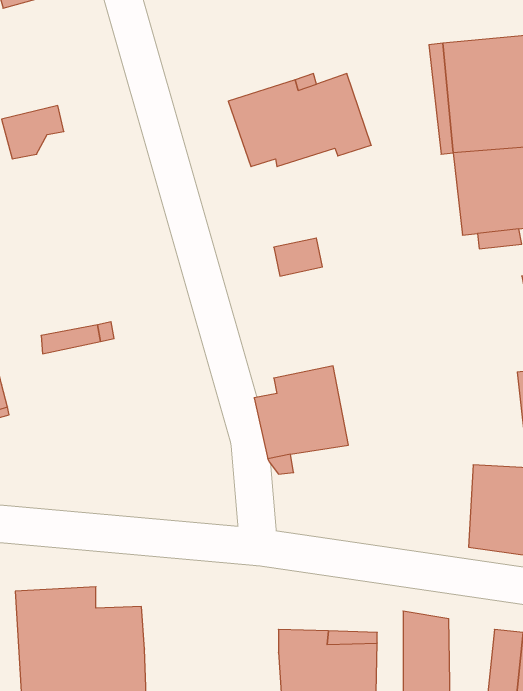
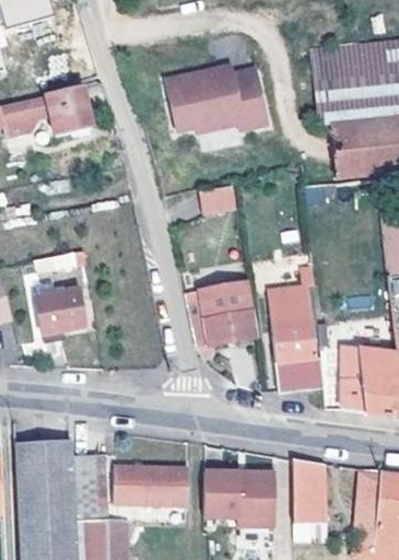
building: none -> [46,85,90,133]
building: none -> [268,284,324,393]
building: none -> [36,285,84,332]
building: none -> [114,465,187,501]

